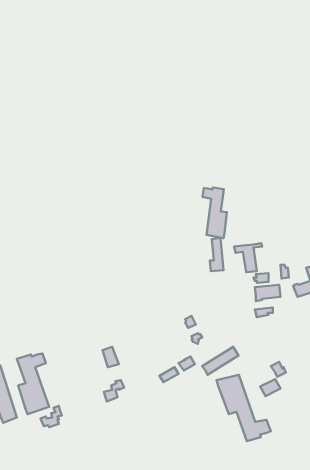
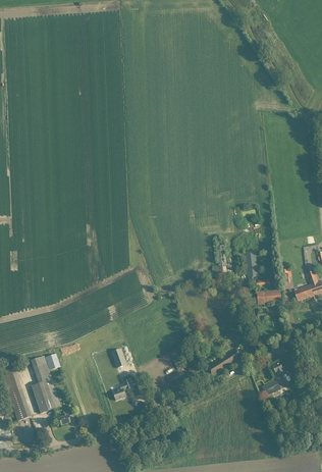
building: [203,187,227,238] -> none
building: [217,375,271,441] -> none

